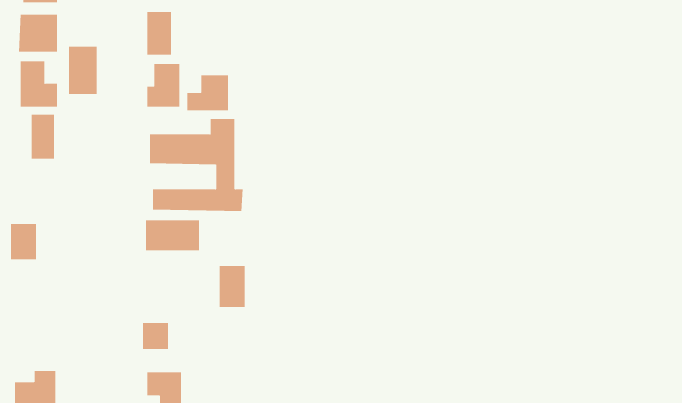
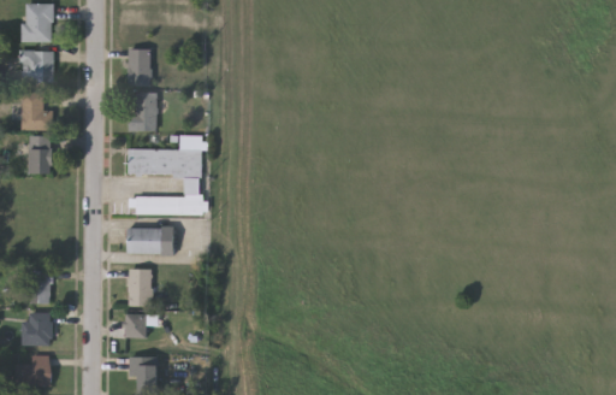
building: [68,46,97,95] -> none
building: [187,75,228,111] -> none
building: [10,223,37,260] -> [28,271,51,302]
building: [219,265,246,308] -> [128,269,150,305]
building: none -> [22,313,52,344]

